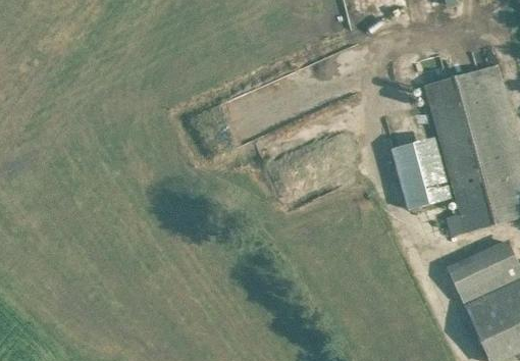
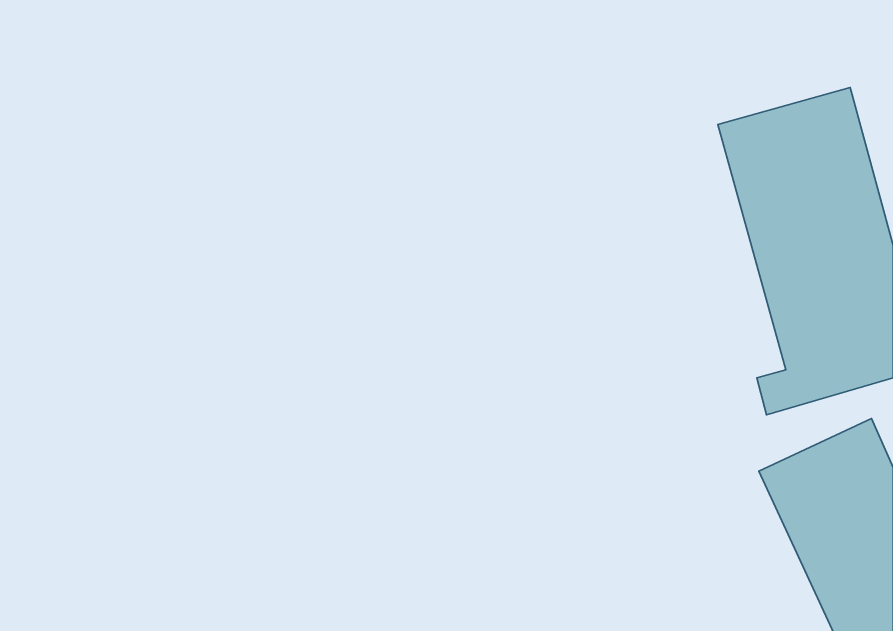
building: [392,137,451,209] -> none

